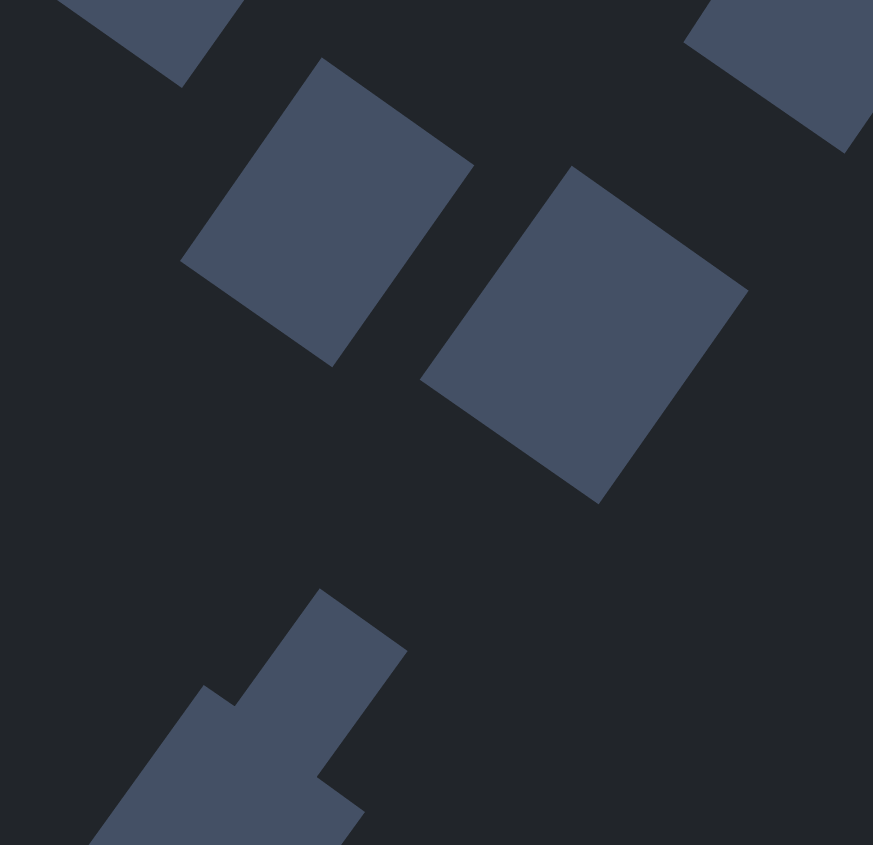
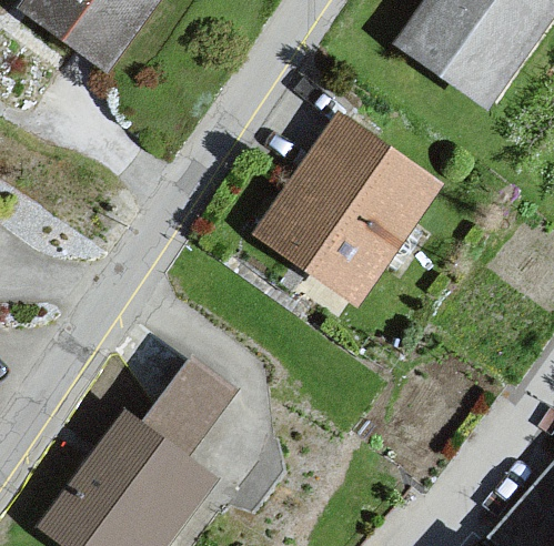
building: [179,56,475,369] -> none

